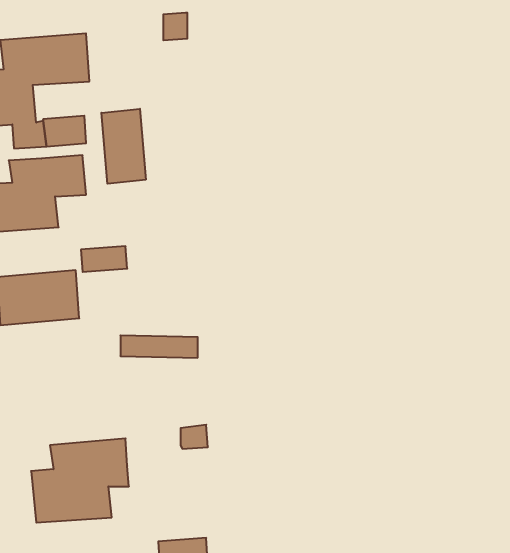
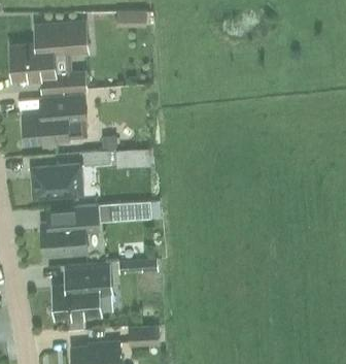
building: [101,109,146,184] -> none
building: none -> [41,205,99,255]

